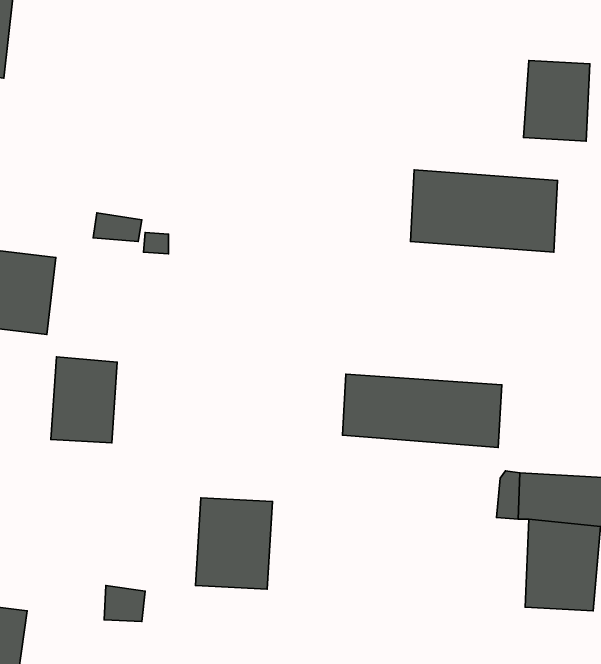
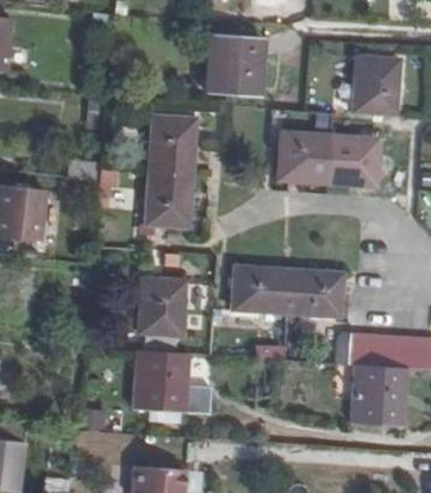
building: none -> [211,36,261,95]
building: none -> [146,117,193,225]
building: [51,357,117,443] -> [140,279,185,336]

